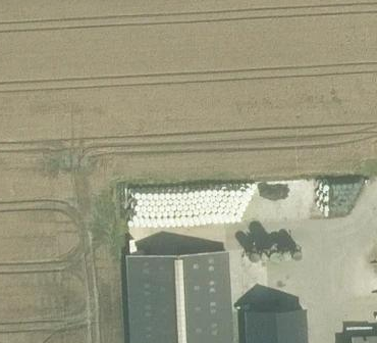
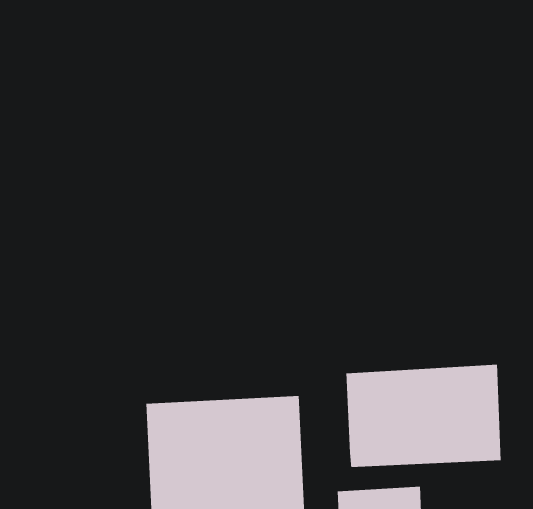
building: none -> [346,364,501,468]

